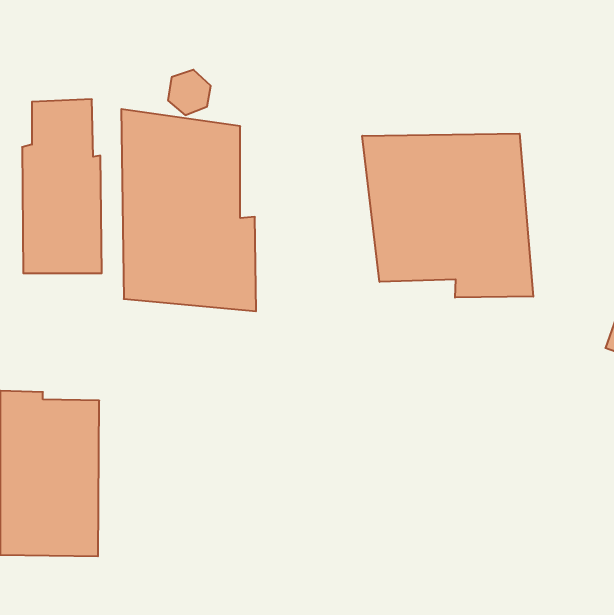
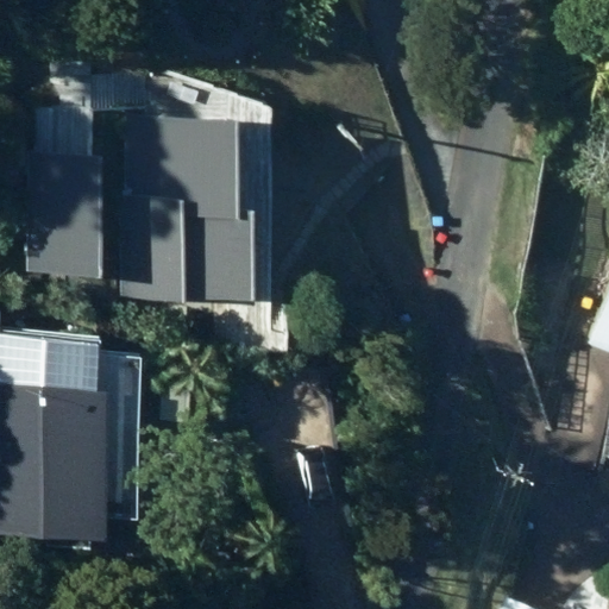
building: [362,134,533,298] -> none

